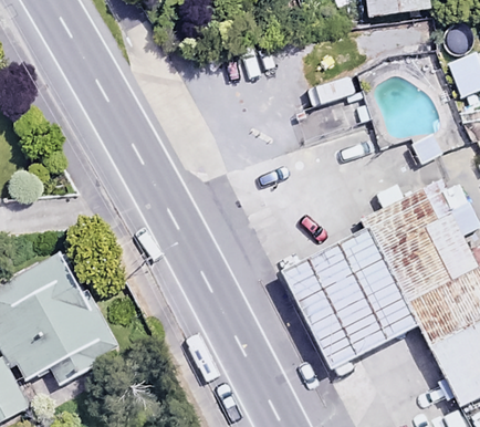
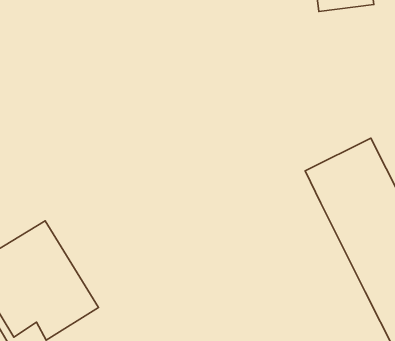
building: [280,230,420,374] -> none

